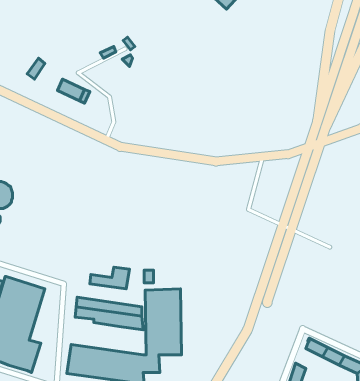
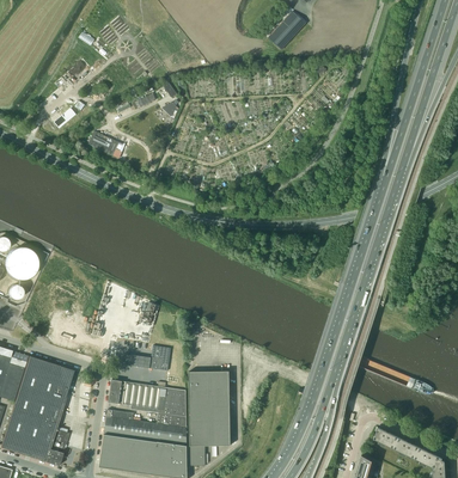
building: none -> [103,409,185,446]

